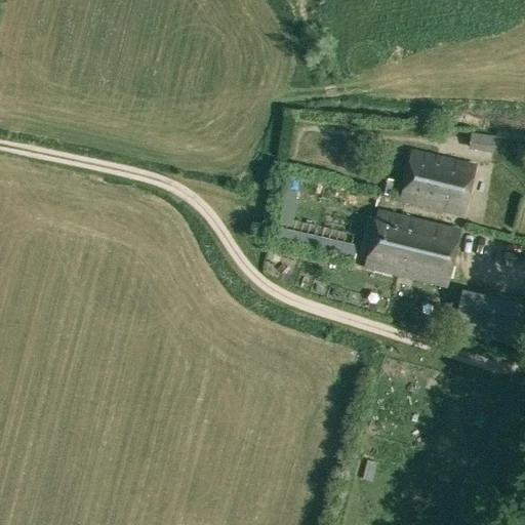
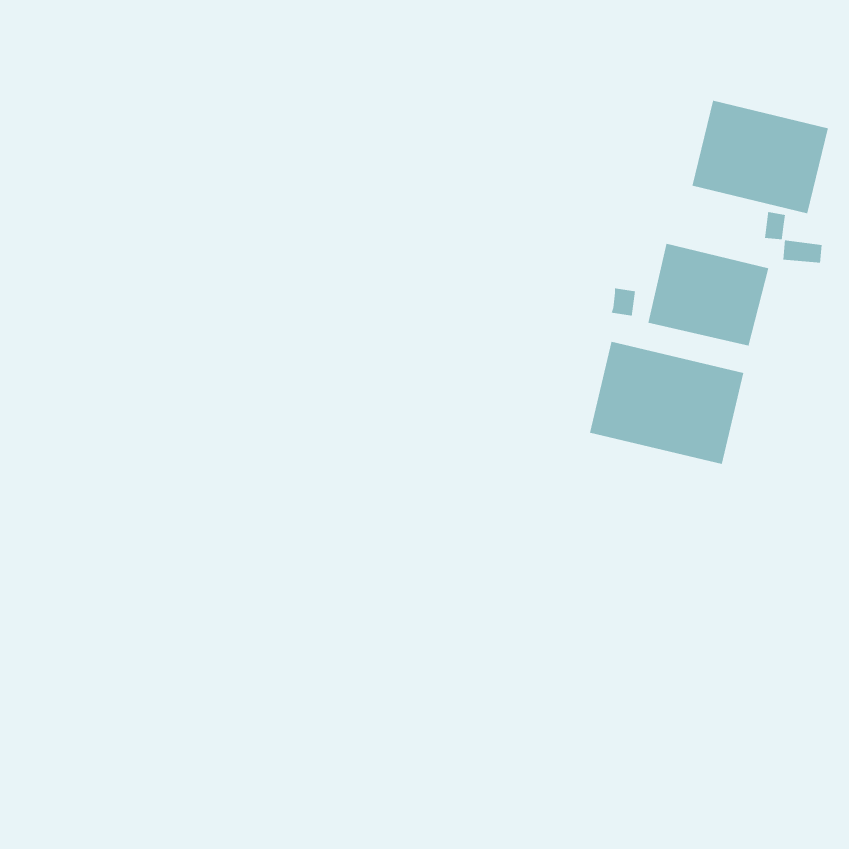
building: none -> [692,100,828,214]

